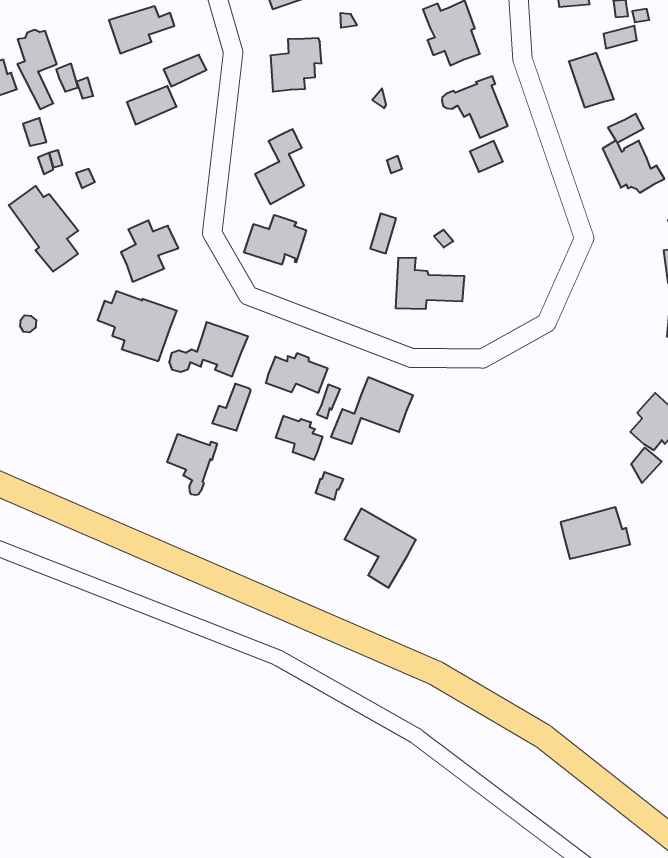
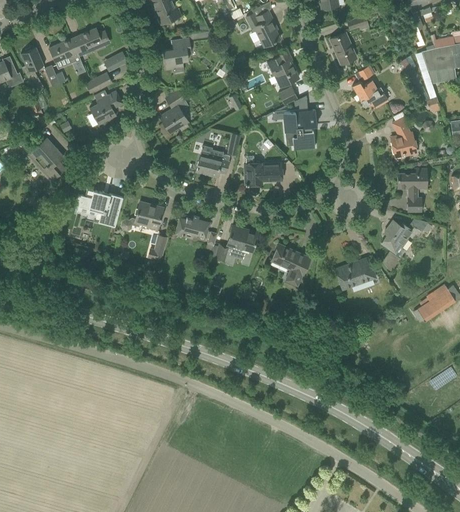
building: none -> [49,38,78,68]
building: none -> [283,110,316,149]
building: [244,215,306,264] -> [195,149,229,176]
building: [121,220,178,282] -> [90,89,122,124]
building: [276,416,322,460] -> none
building: [167,434,217,495] -> none
building: [561,507,630,559] -> [335,258,375,289]
building: [344,508,416,588] -> [270,243,310,286]

